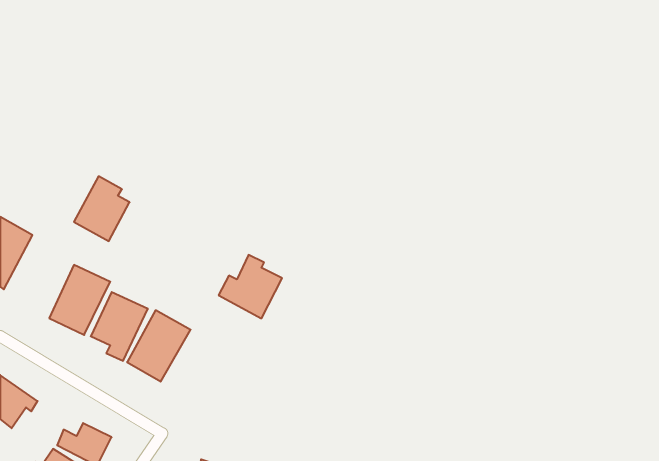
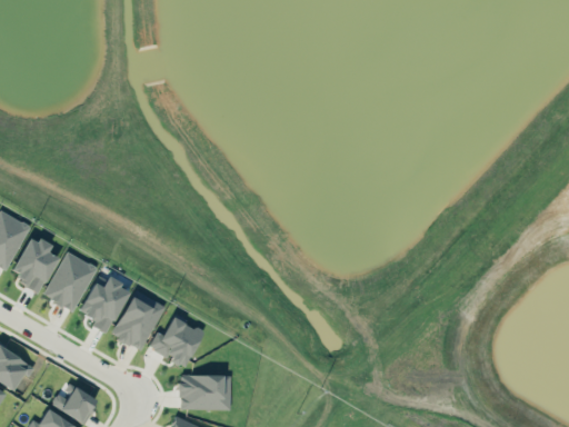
building: [74,176,130,241] -> [10,236,58,291]
building: [219,255,282,318] -> [149,312,203,367]
building: none -> [179,375,231,410]

